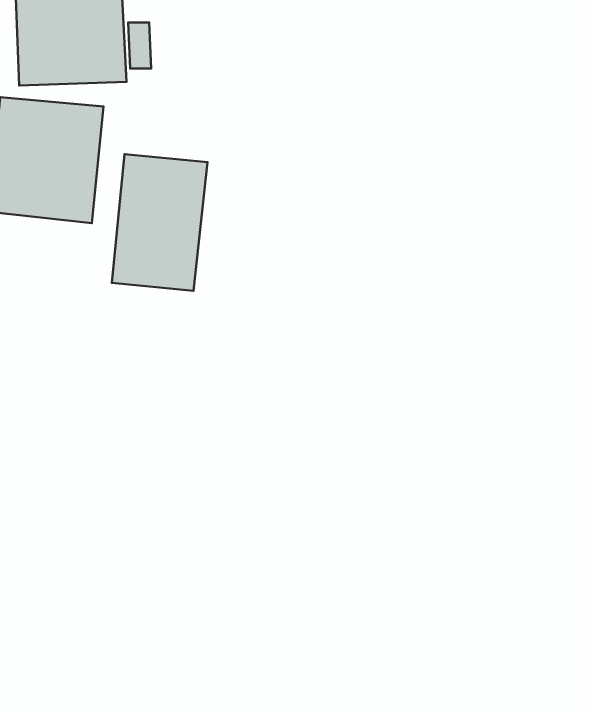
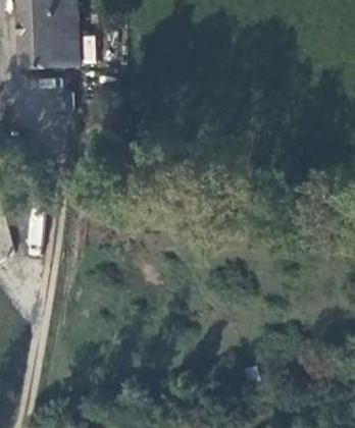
building: [112,154,208,291] -> none

